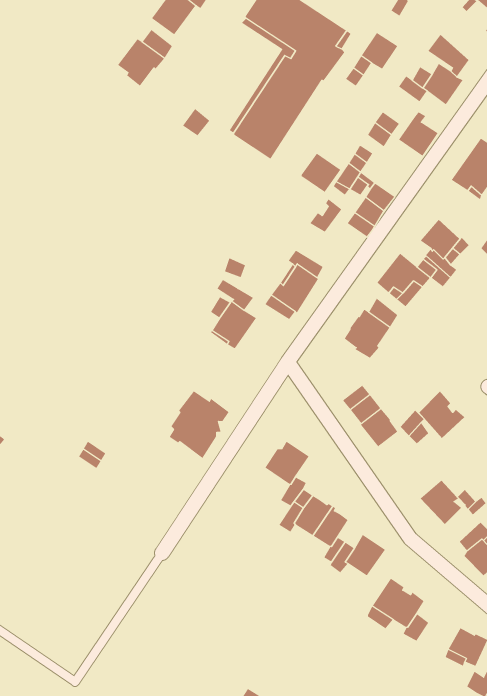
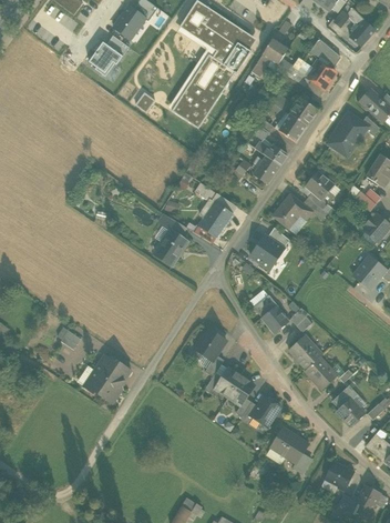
building: [301,153,341,193] -> [278,113,307,142]
building: [169,390,229,459] -> [88,354,131,403]
building: [419,391,465,439] -> [289,334,322,369]

